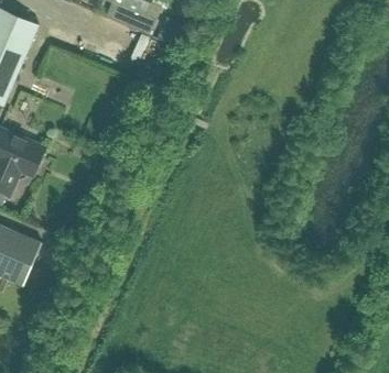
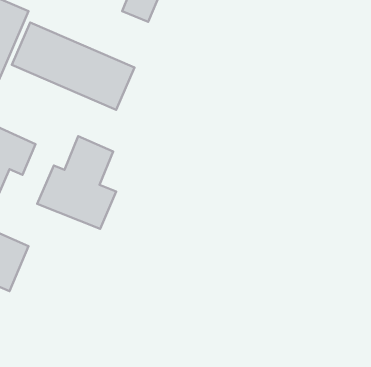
building: none -> [12,22,135,110]
building: none -> [37,136,116,229]

